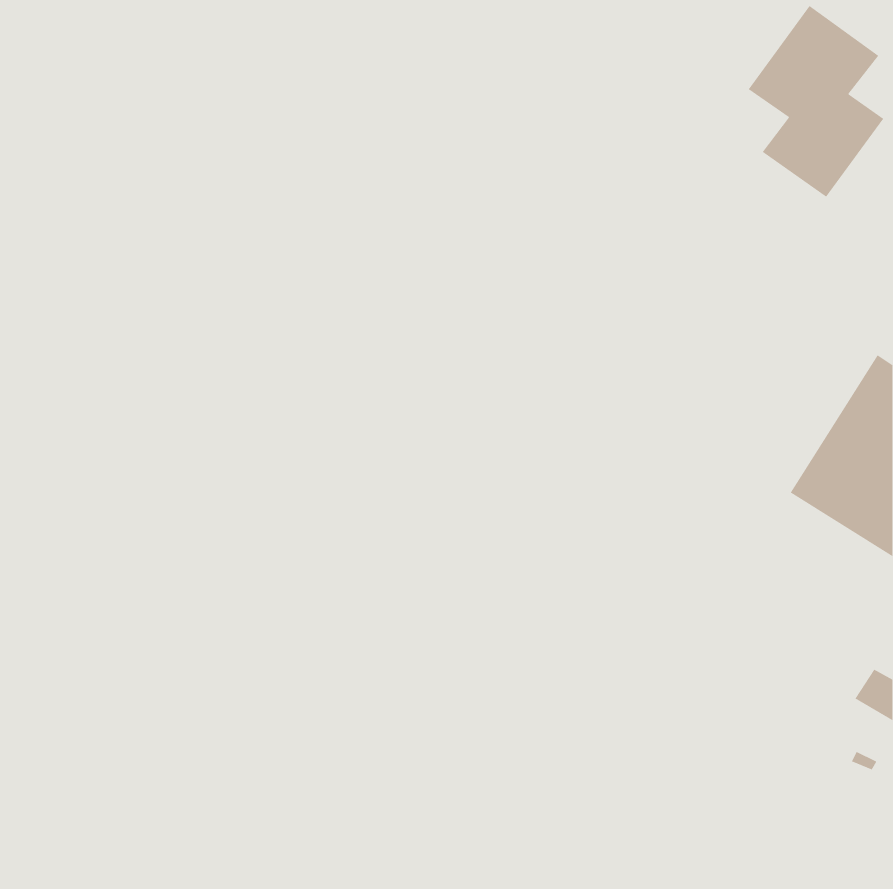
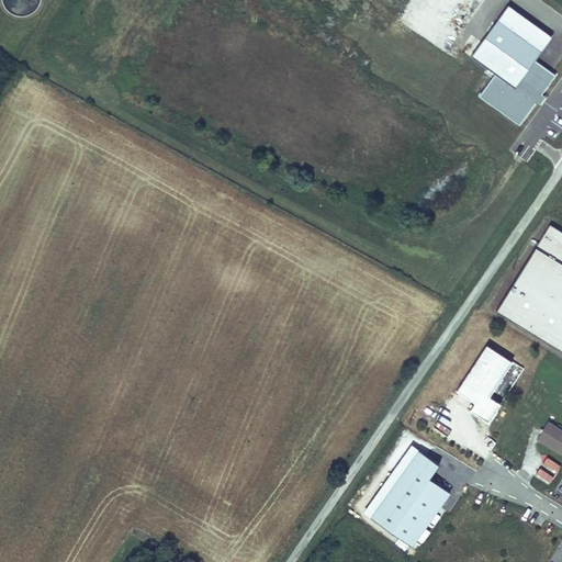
building: none -> [457,346,512,424]
building: none -> [370,450,451,548]

